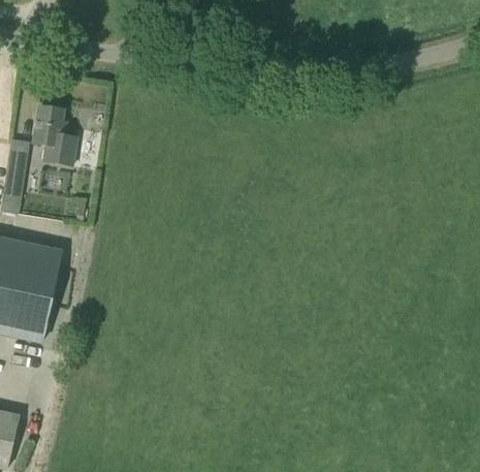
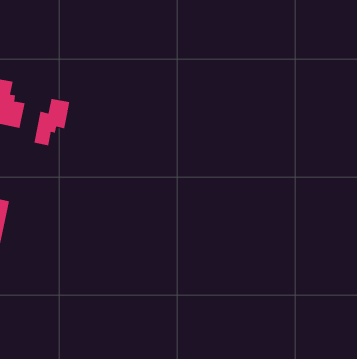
building: none -> [34,98,70,146]

